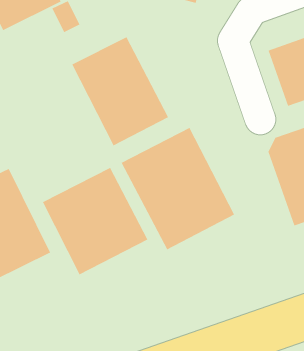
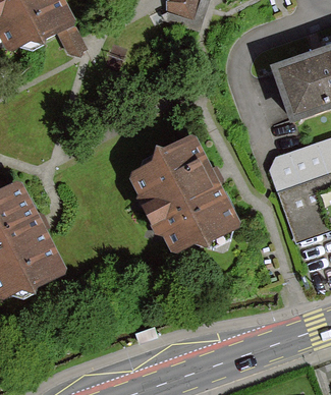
building: [71,36,169,146] -> none
building: [42,167,149,275] -> none

